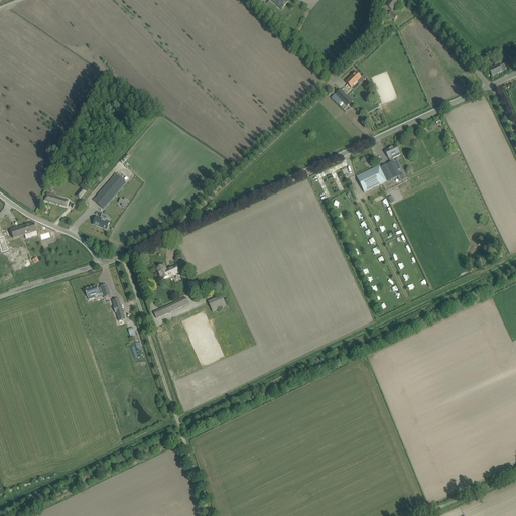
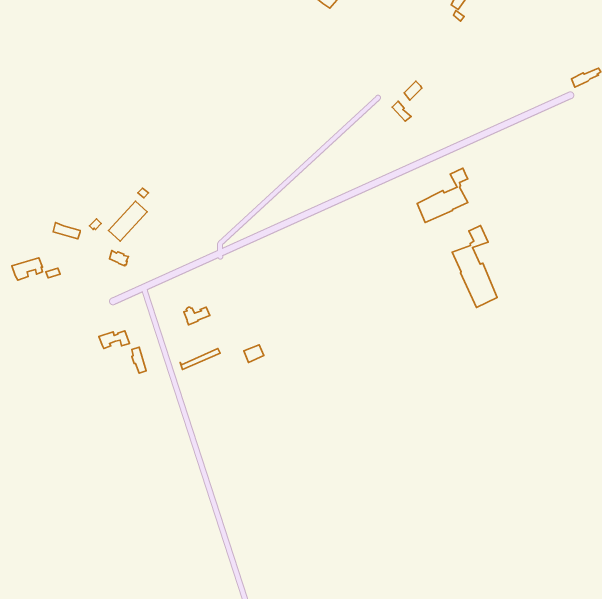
building: none -> [452,225,497,307]

